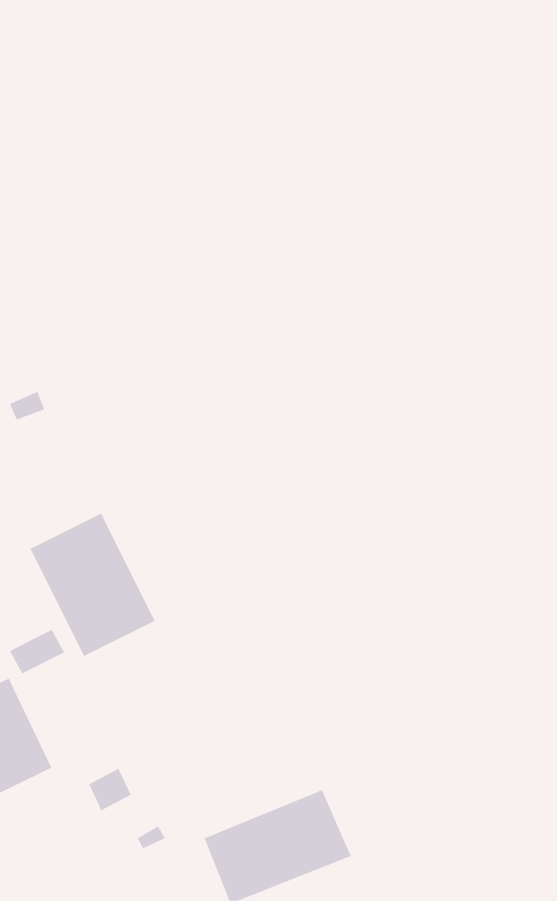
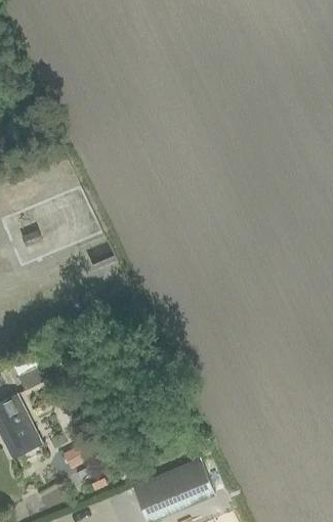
building: [30,513,155,657] -> none

